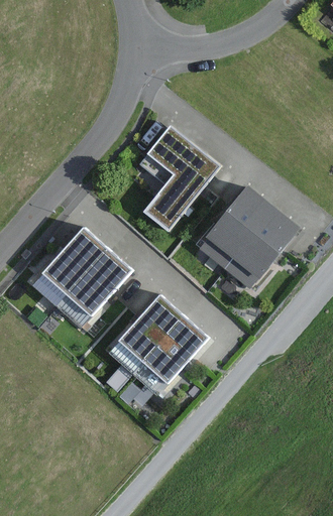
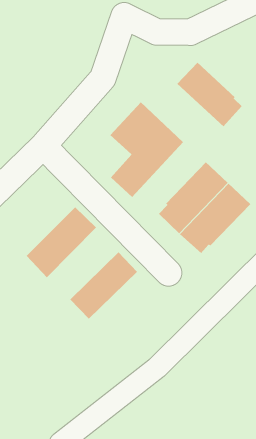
building: none -> [177,62,243,127]
building: [29,227,104,305] -> none
building: [128,314,206,396] -> none

